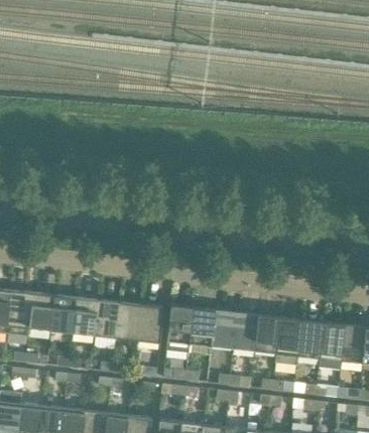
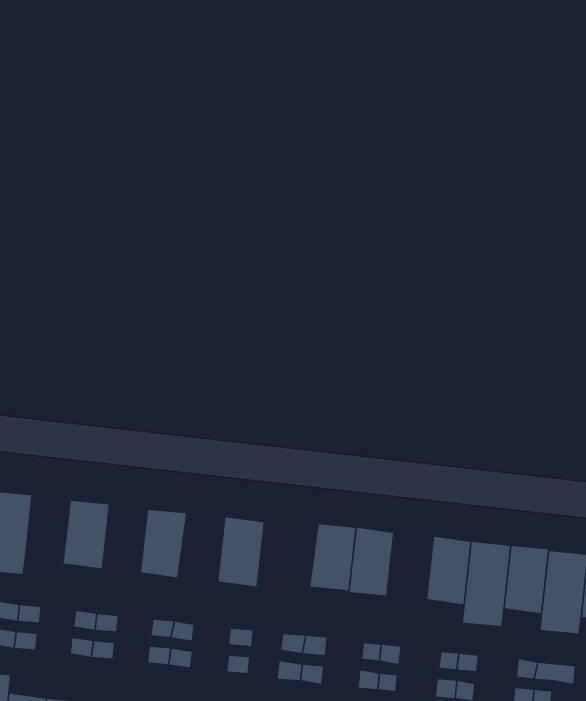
building: [30,292,55,330] -> none
building: [74,297,99,335] -> none
building: [116,302,142,340] -> none
building: [166,305,195,353] -> none
building: [233,312,259,351] -> none

